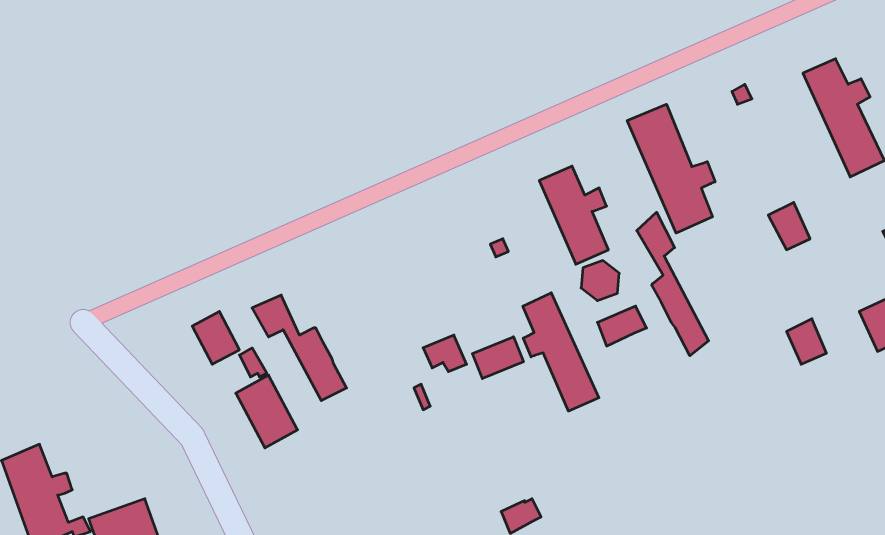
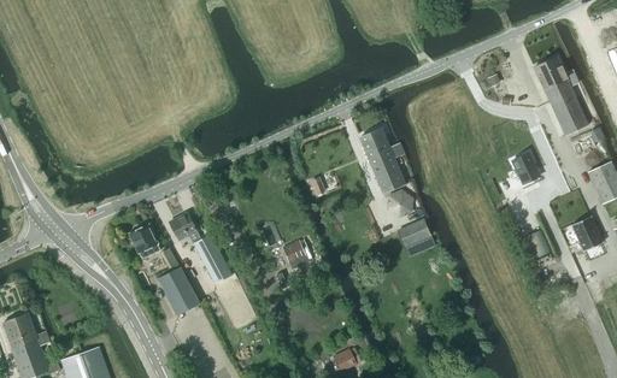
building: [627,104,715,233] -> none
building: [637,212,709,356] -> none
building: [523,293,599,411] -> none
building: [472,337,523,379] -> none

